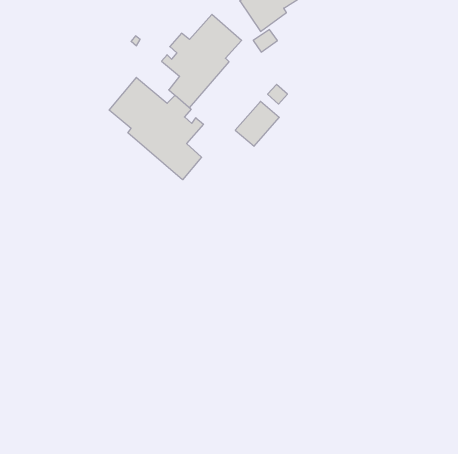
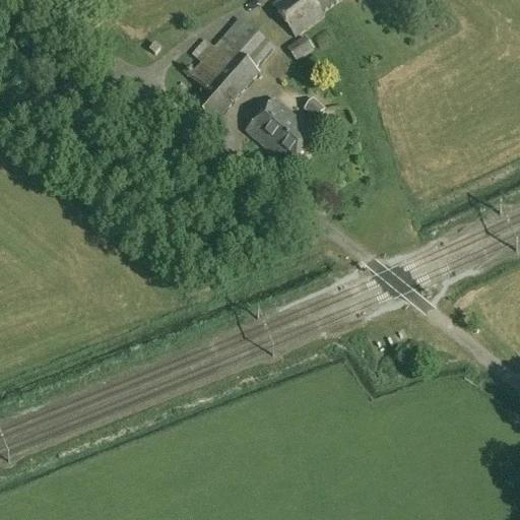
building: [109,77,203,180] -> none
building: none -> [245,96,295,147]

